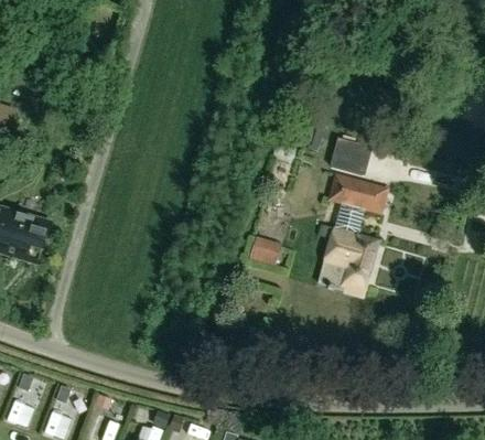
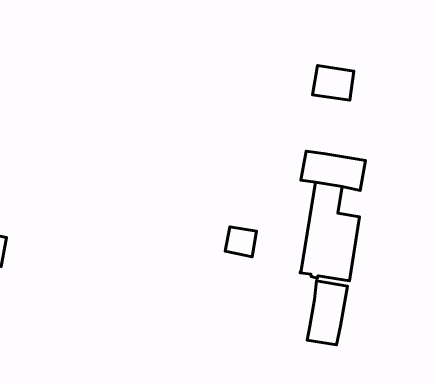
building: [327,140,368,175] -> [312,66,354,100]
building: none -> [307,281,347,345]

